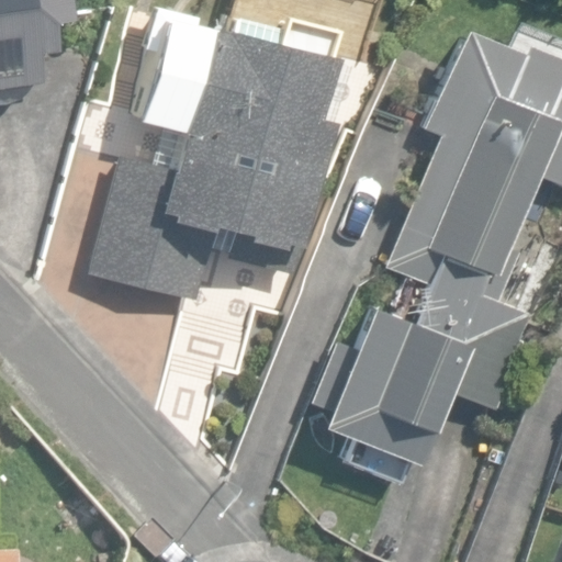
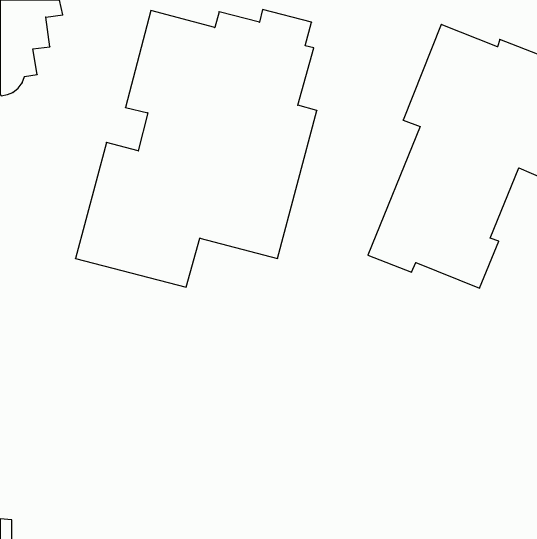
building: [312,276,529,484] -> none

